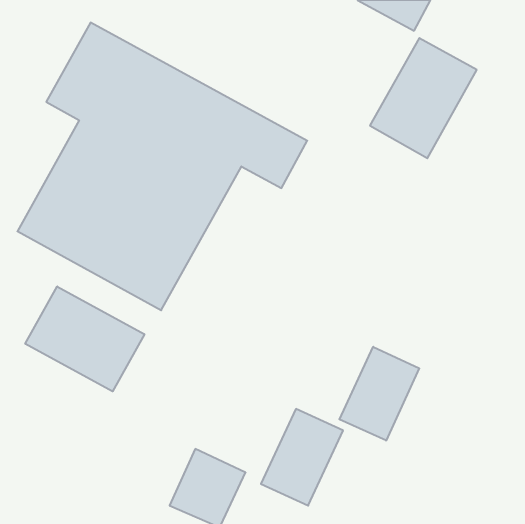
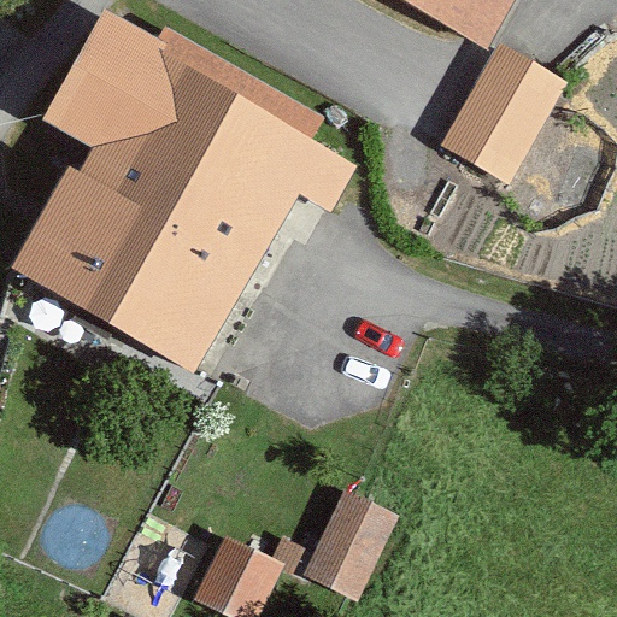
building: [25,286,144,391] -> none
building: [339,347,419,441] -> none

